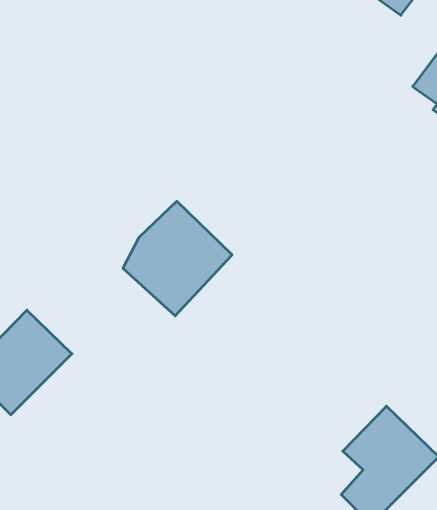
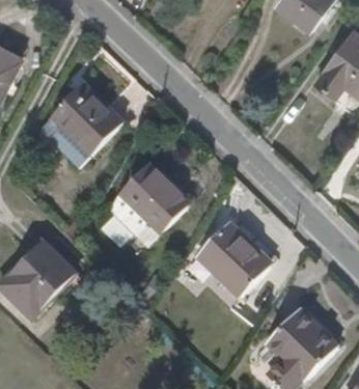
building: none -> [51,84,122,156]
building: none -> [199,224,269,295]

